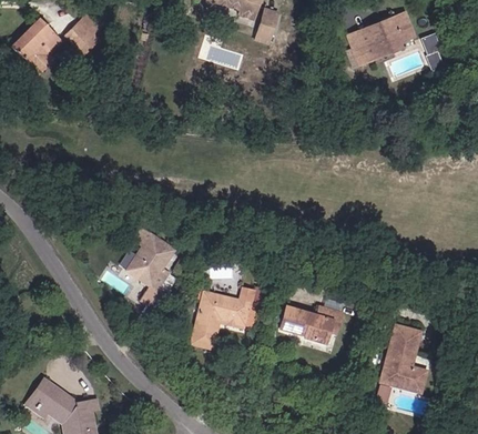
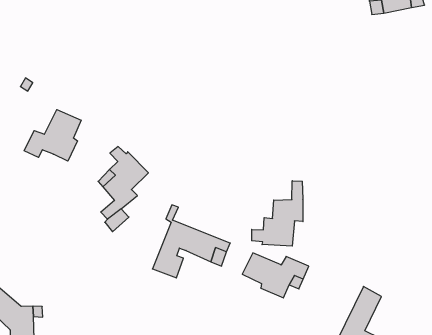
building: none -> [24,110,81,161]
building: none -> [252,181,303,246]

